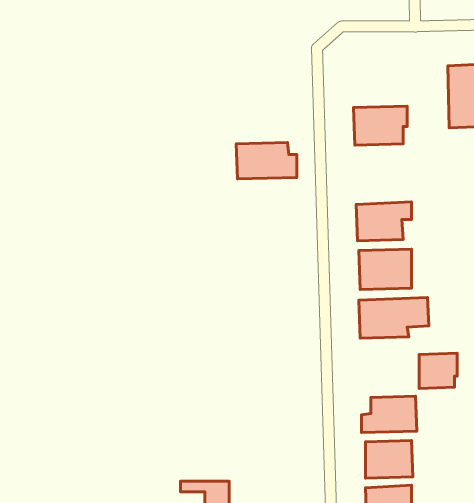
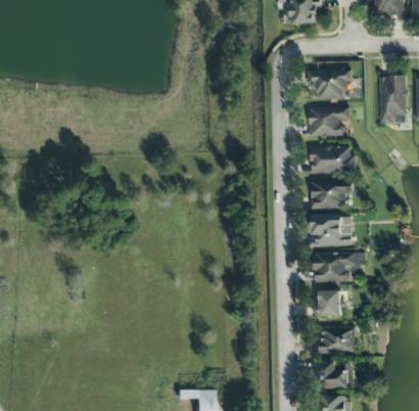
building: none -> [308,69,353,98]
building: [236,142,297,179] -> [311,145,357,173]
building: [419,353,457,388] -> [315,289,343,316]

